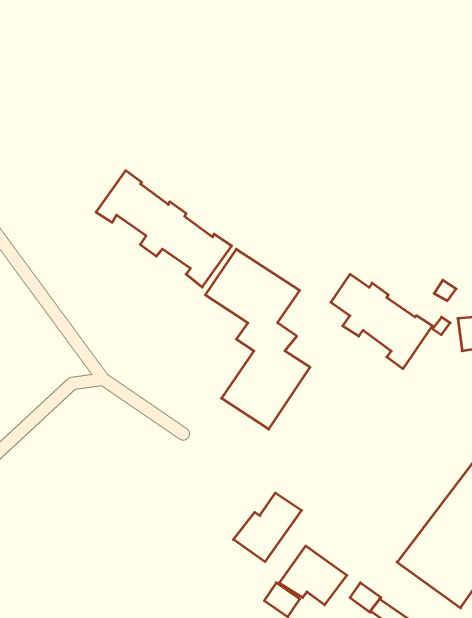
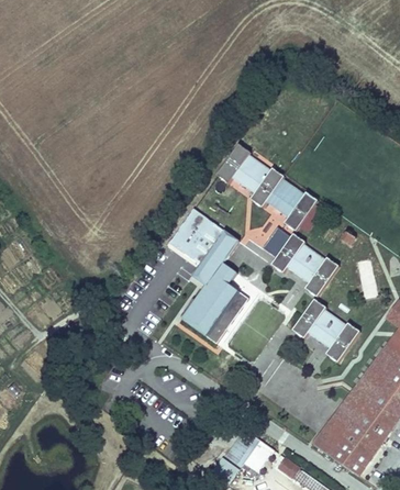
building: [96,171,232,287] -> [218,145,319,232]
building: none -> [292,299,360,364]
building: [233,493,302,562] -> none

